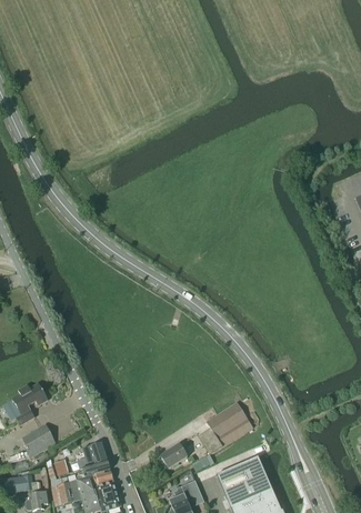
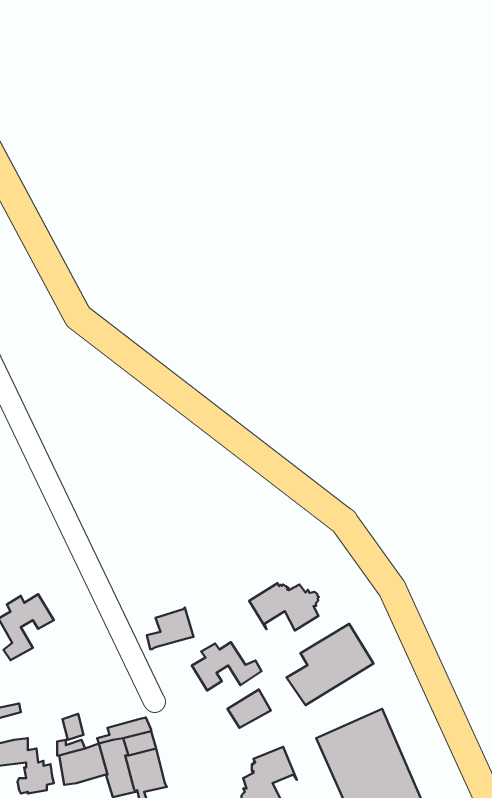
building: none -> [249,583,319,630]
building: none -> [192,642,261,691]
building: [22,422,57,456] -> none
building: [78,442,108,469] -> [147,607,194,649]

